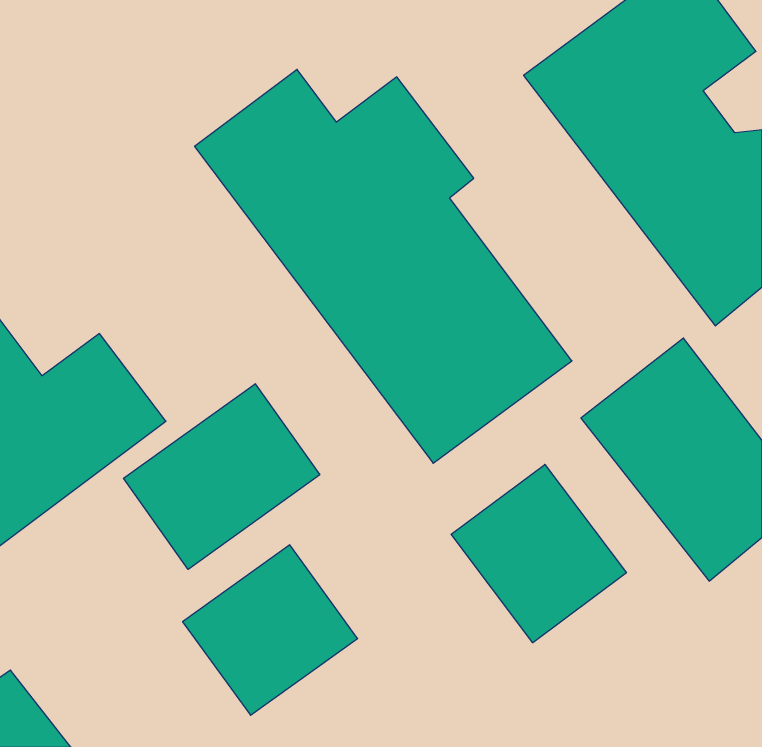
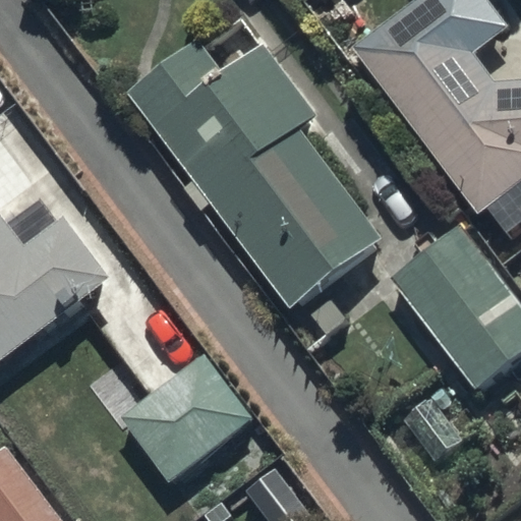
building: [124,384,320,569] -> none
building: [451,464,626,643] -> none

